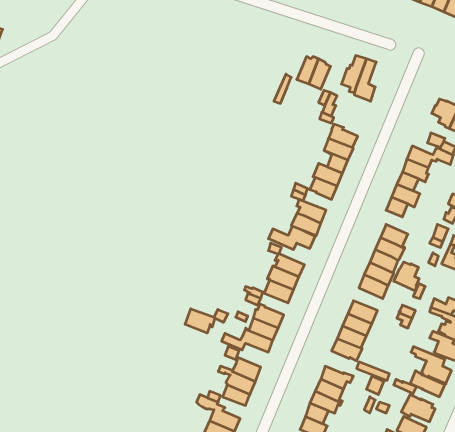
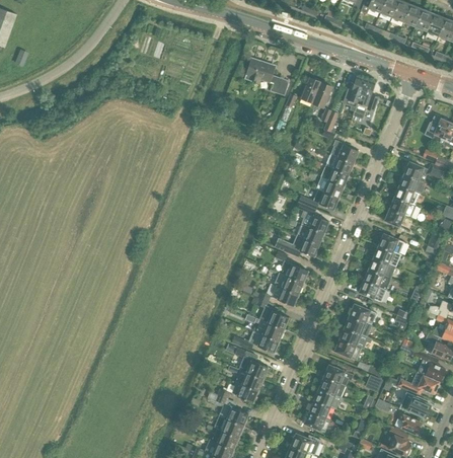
building: none -> [244,58,289,94]
building: [394,262,419,291] -> none
building: [185,309,228,333] -> none

